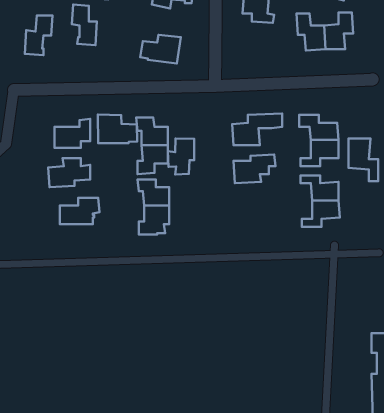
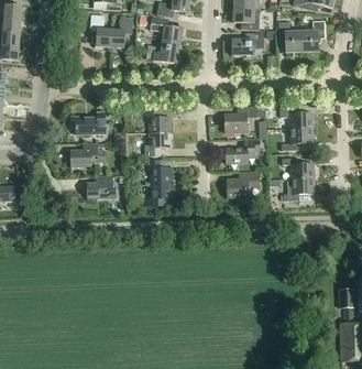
building: none -> [150,17,183,42]
building: [25,16,53,55] -> [109,17,132,50]
building: none -> [231,32,263,55]
building: [98,115,137,143] -> none
building: [349,138,378,181] -> none
building: [168,139,194,174] -> none
building: none -> [226,172,259,197]

